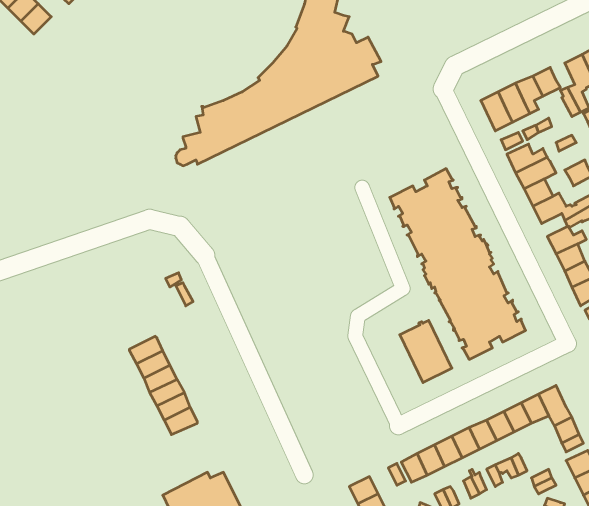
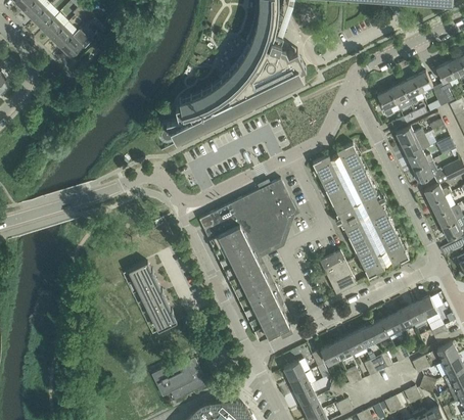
building: none -> [61,31,92,58]
building: none -> [199,180,296,341]

